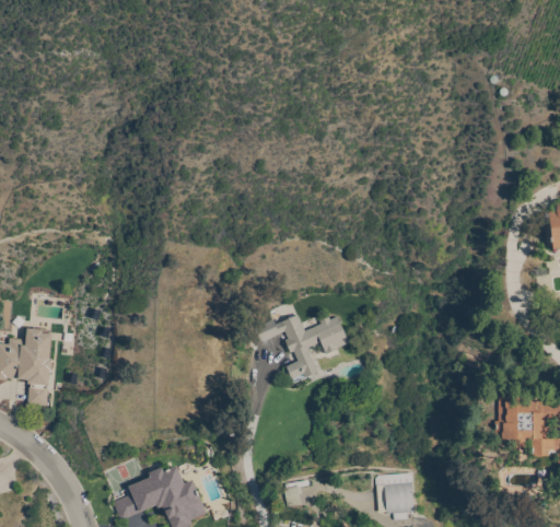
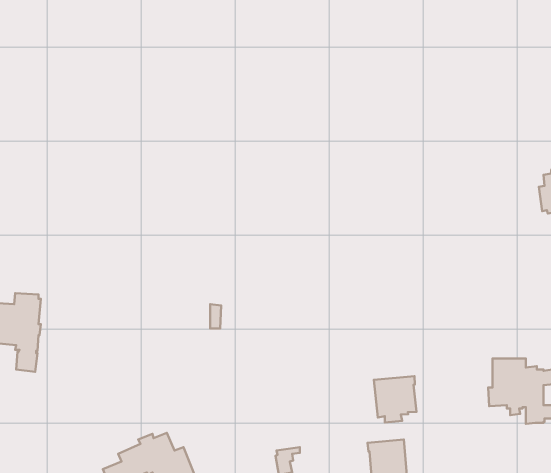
building: [255,315,350,384] -> none
building: none -> [374,376,416,423]

